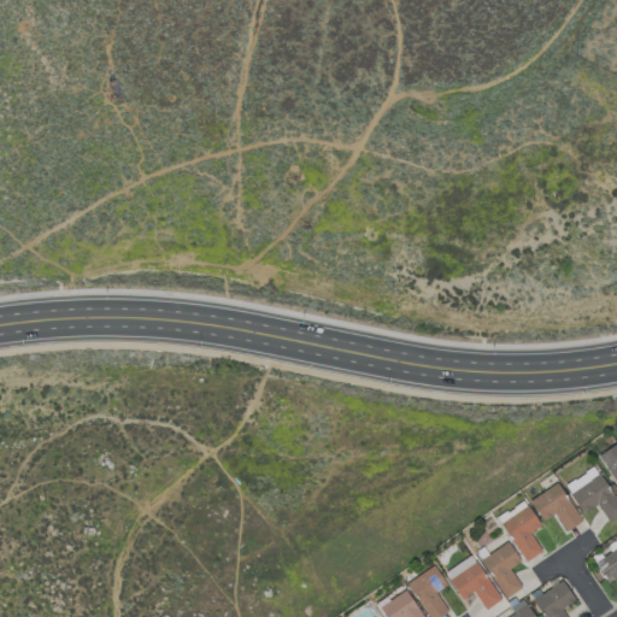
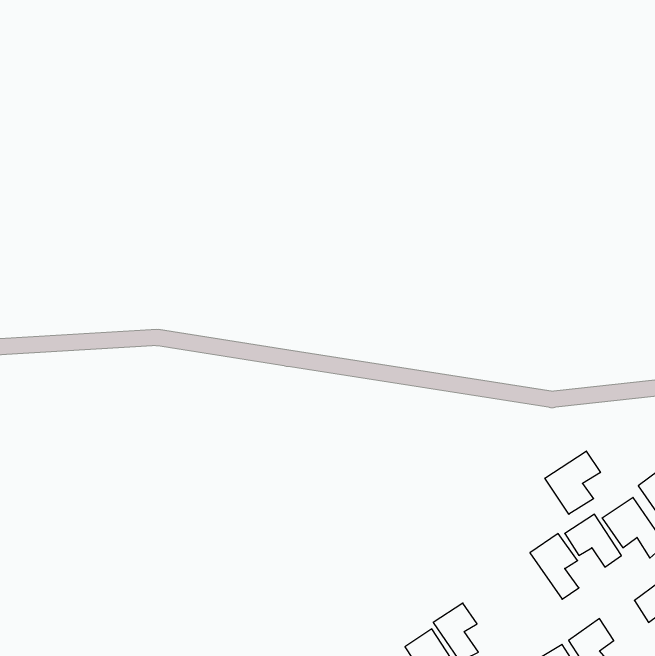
building: none -> [545,451,600,514]
building: [483,542,524,599] -> none
building: [447,556,503,611] -> none

